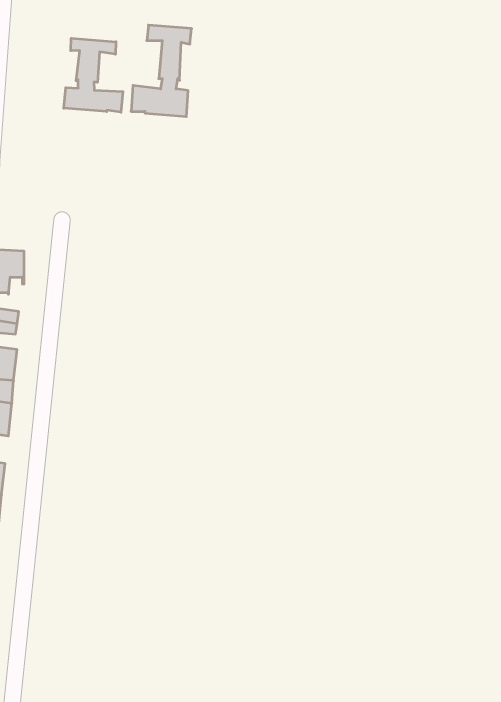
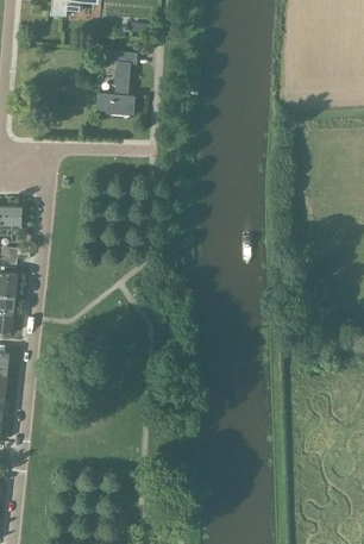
building: [64,38,123,112] -> none

